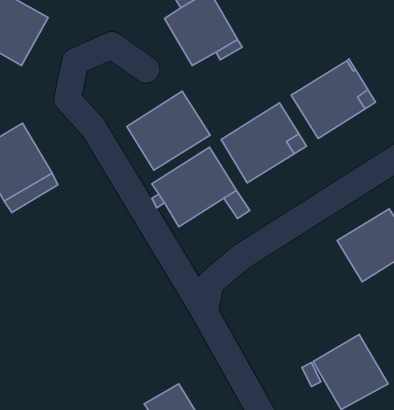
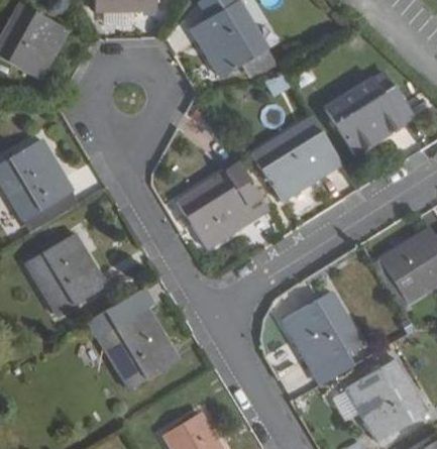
building: [127,91,210,170] -> none
building: none -> [26,233,107,316]
building: none -> [87,289,175,391]
building: none -> [282,290,366,373]

